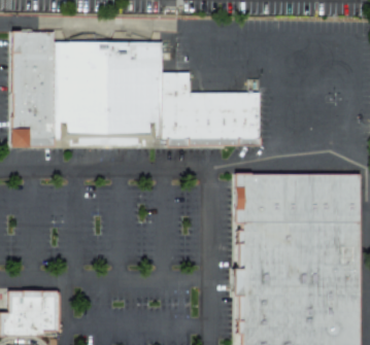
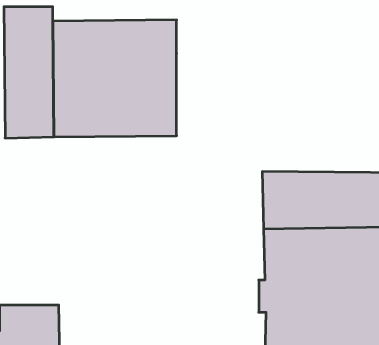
building: [161,72,262,144] -> none

